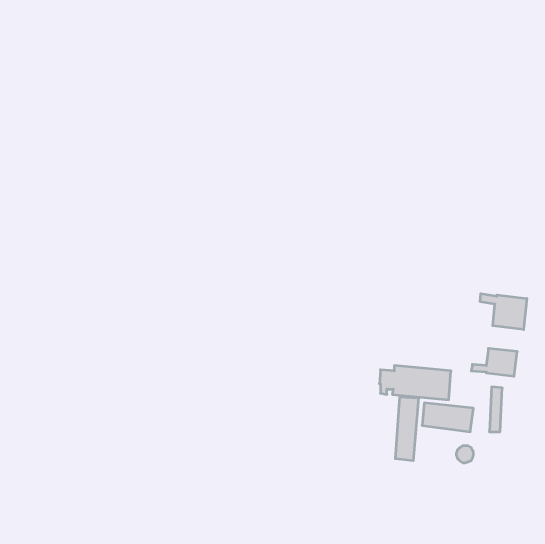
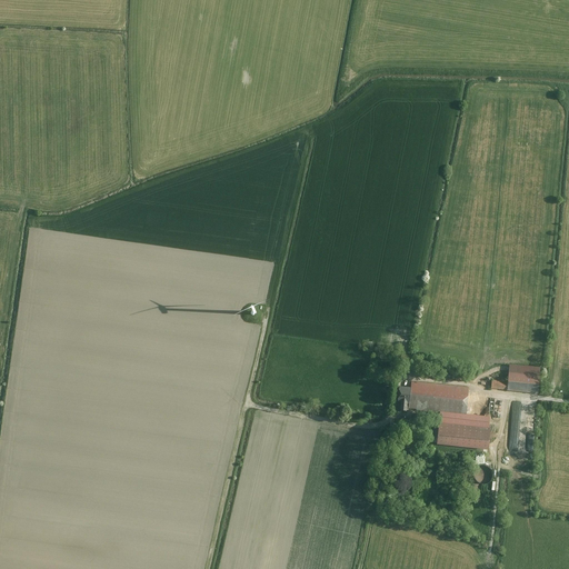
building: [480,294,527,330] -> none
building: [395,397,419,461] -> none

